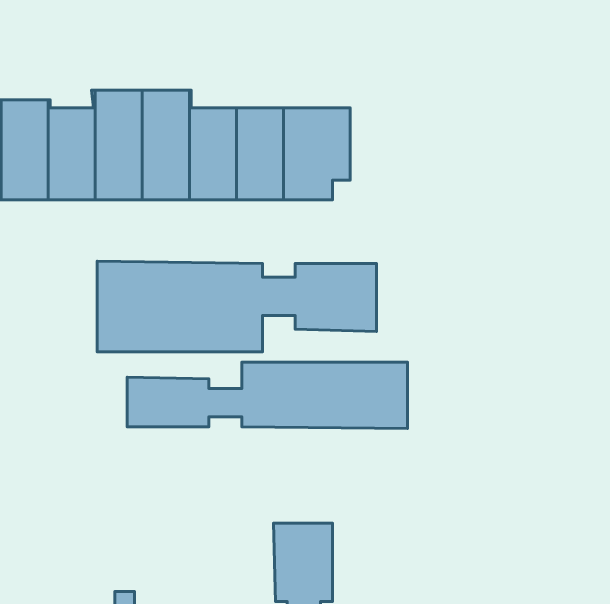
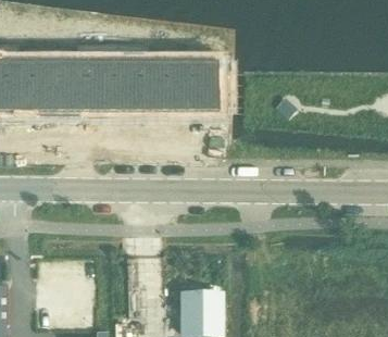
building: [97,261,377,352] -> none
building: [127,362,408,428] -> none

